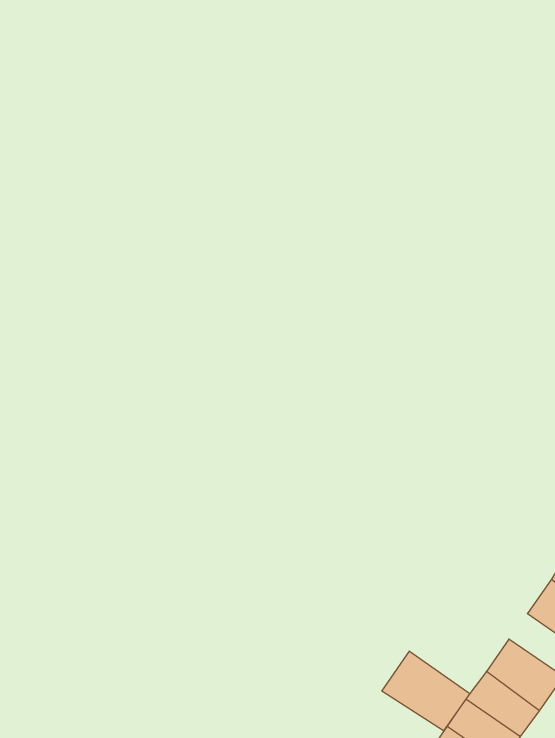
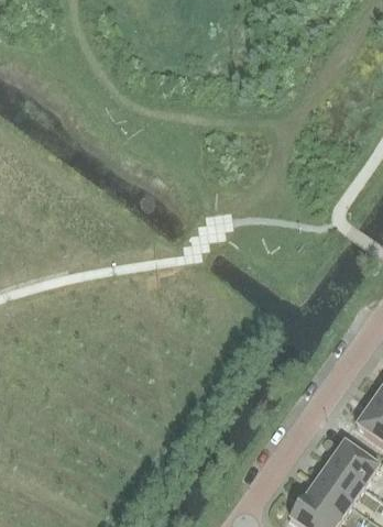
building: [382,651,470,731] -> none

